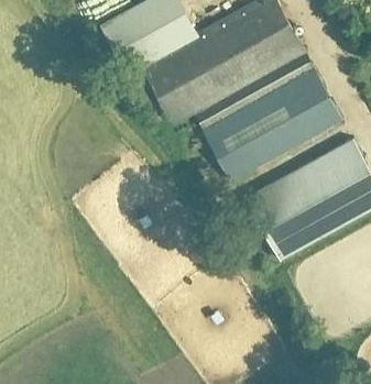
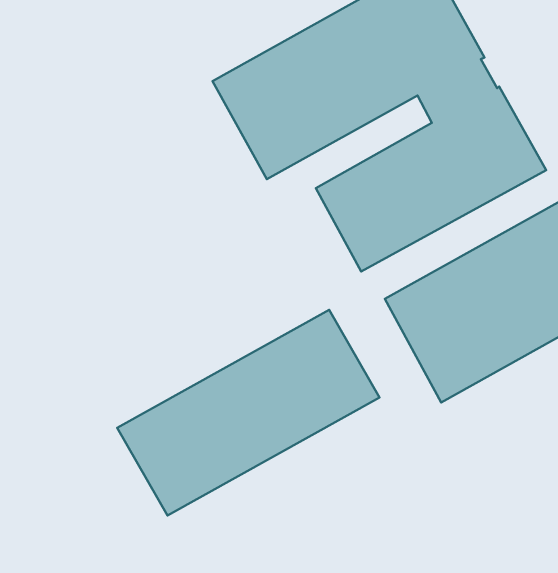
building: none -> [117,310,380,516]

